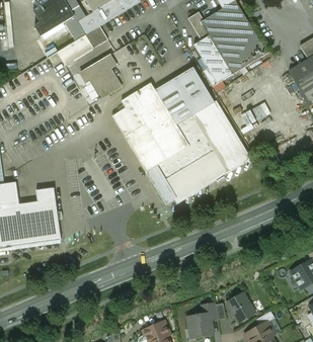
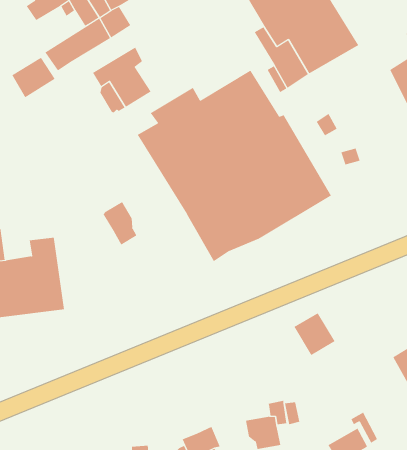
building: none -> [11,57,56,98]
building: none -> [103,201,137,245]
building: [226,291,255,322] -> [294,312,335,356]

